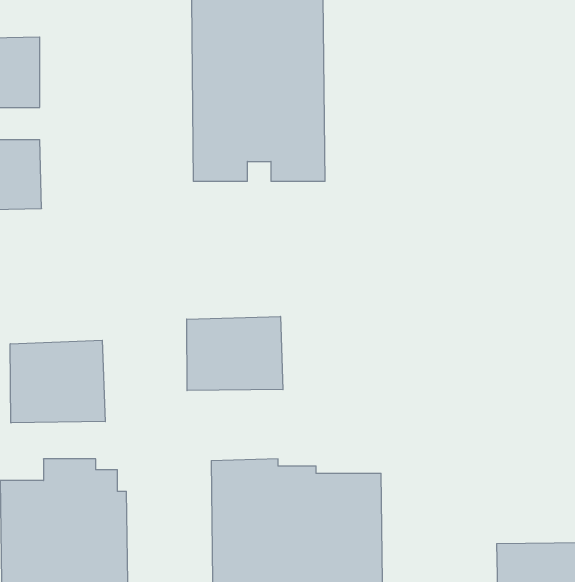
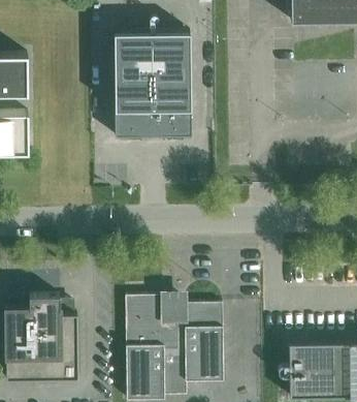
building: [187,316,283,391] -> none
building: [10,340,105,423] -> none

